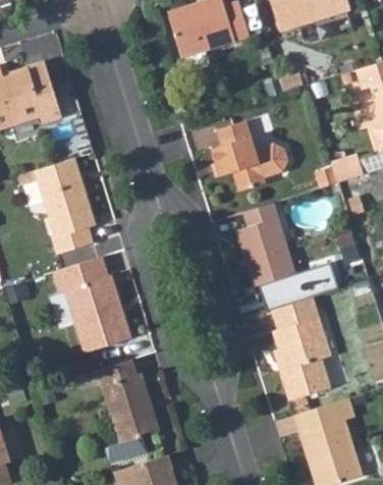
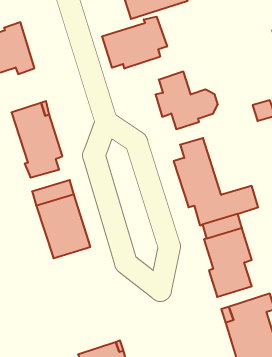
building: none -> [102,17,167,69]
building: [95,359,160,462] -> none

